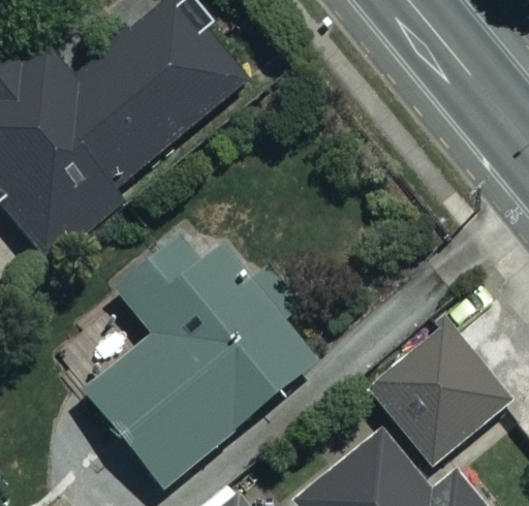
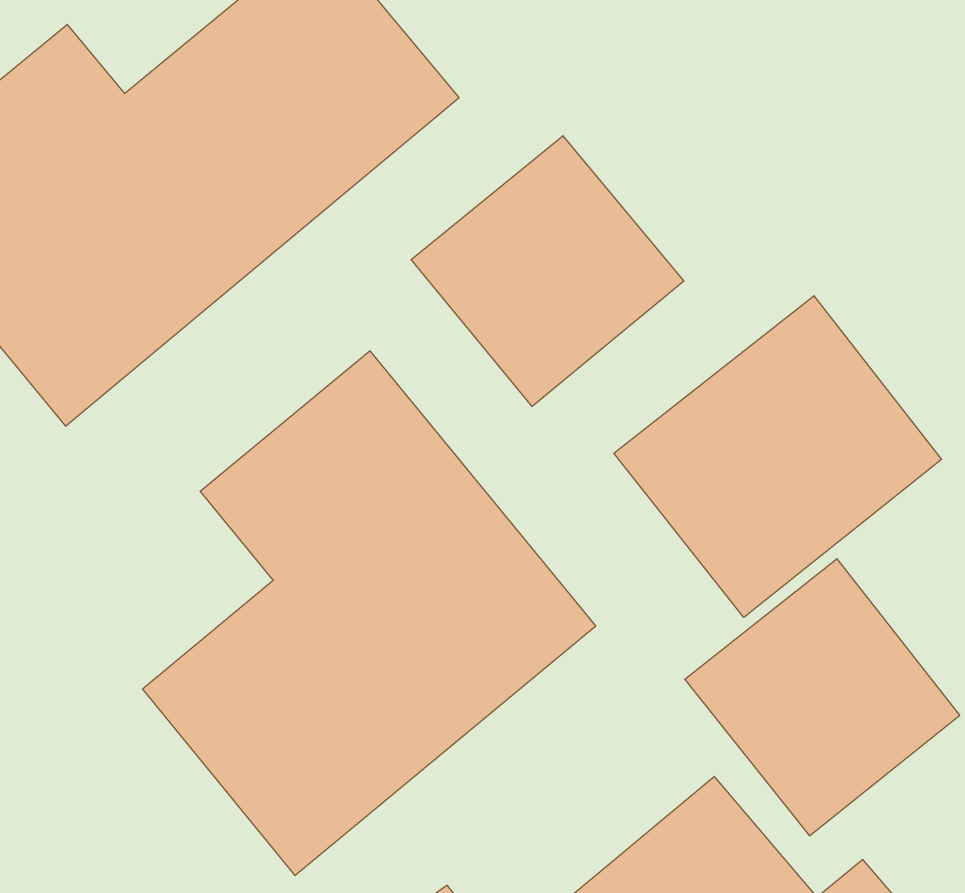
building: none -> [411,136,684,407]
building: none -> [614,296,941,617]

